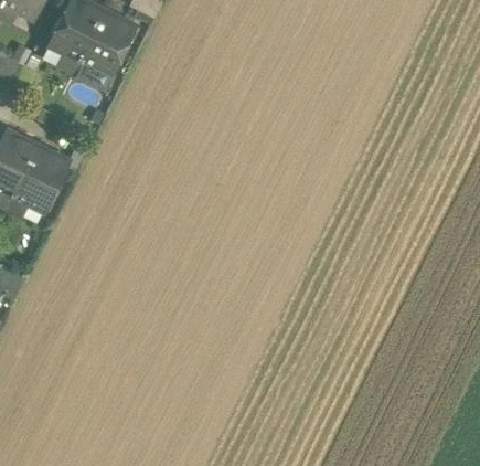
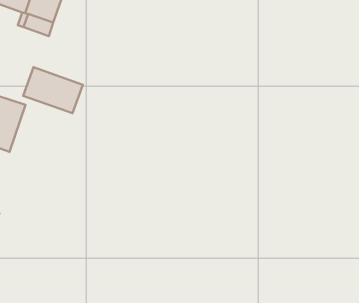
building: none -> [23,67,83,113]

